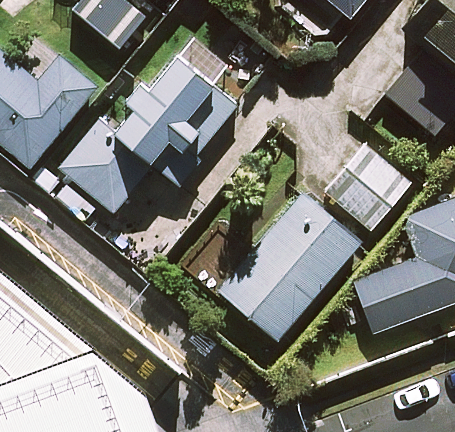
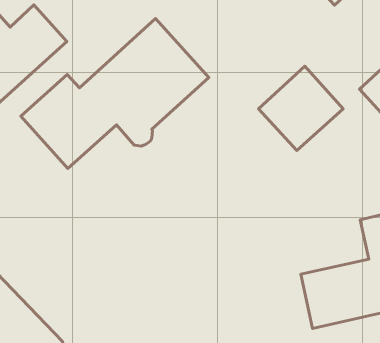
building: [327,145,409,228] -> [259,66,343,150]
building: [220,192,360,339] -> none

